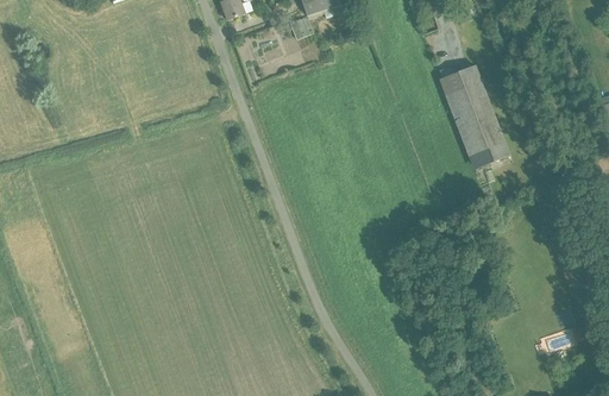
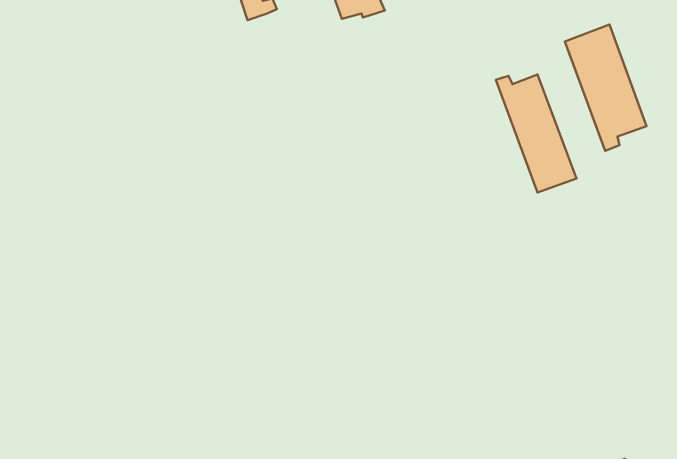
building: none -> [565,24,647,151]

